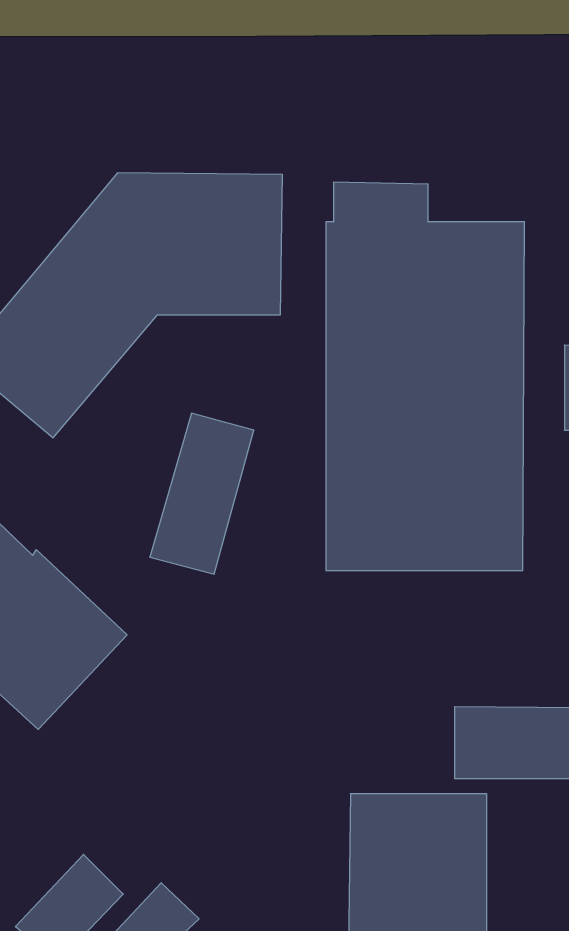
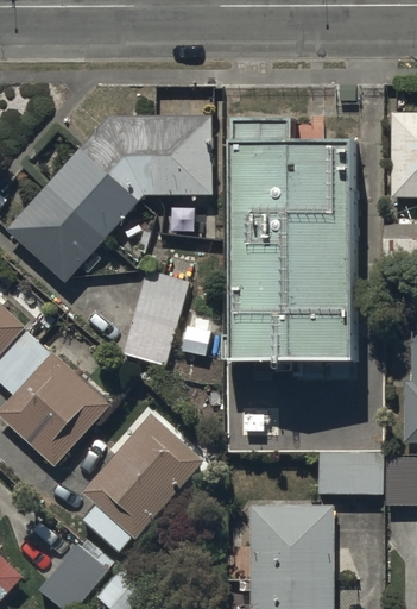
building: none -> [76,416,202,555]

